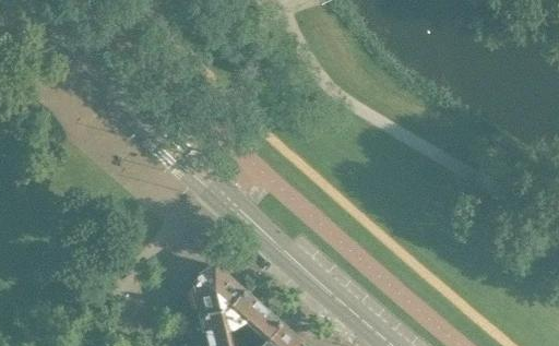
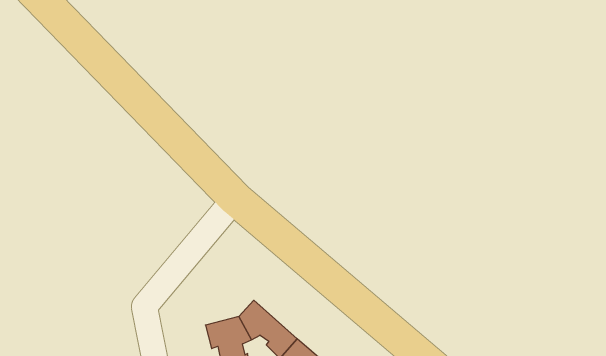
building: [193,271,240,315] -> none

